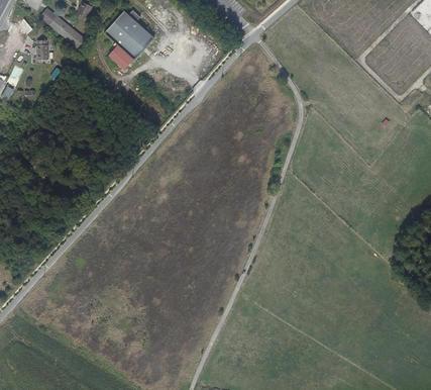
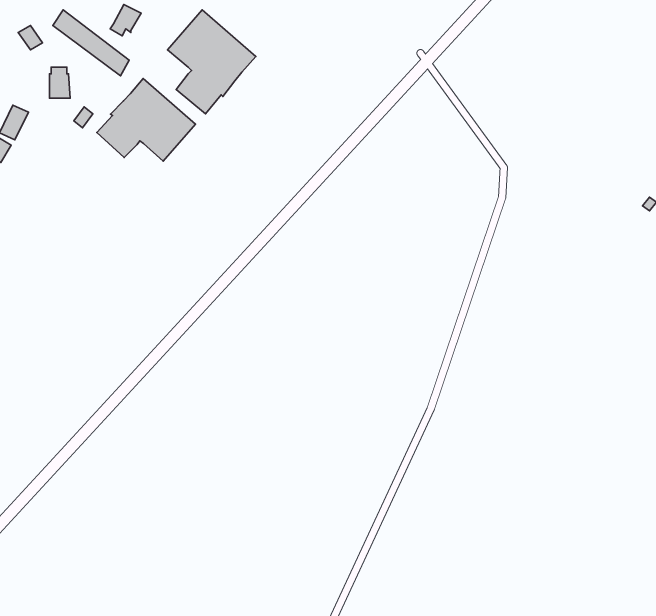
building: none -> [97,79,195,161]

